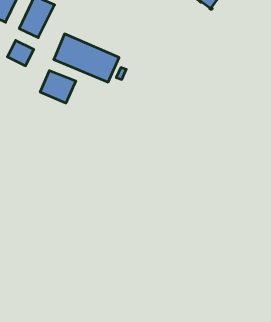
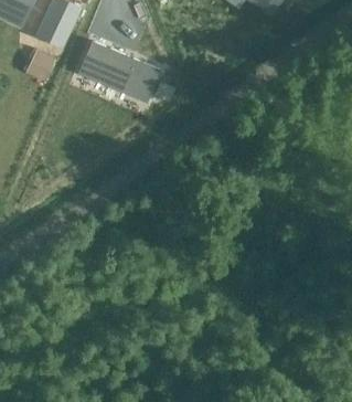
building: [40,71,76,103] -> none

